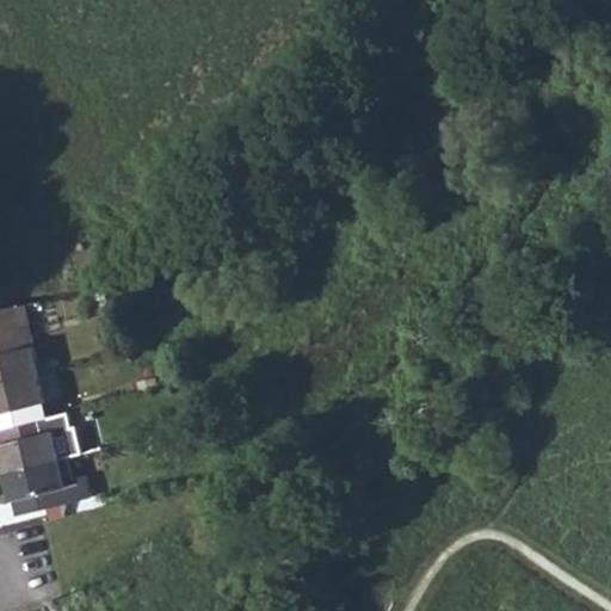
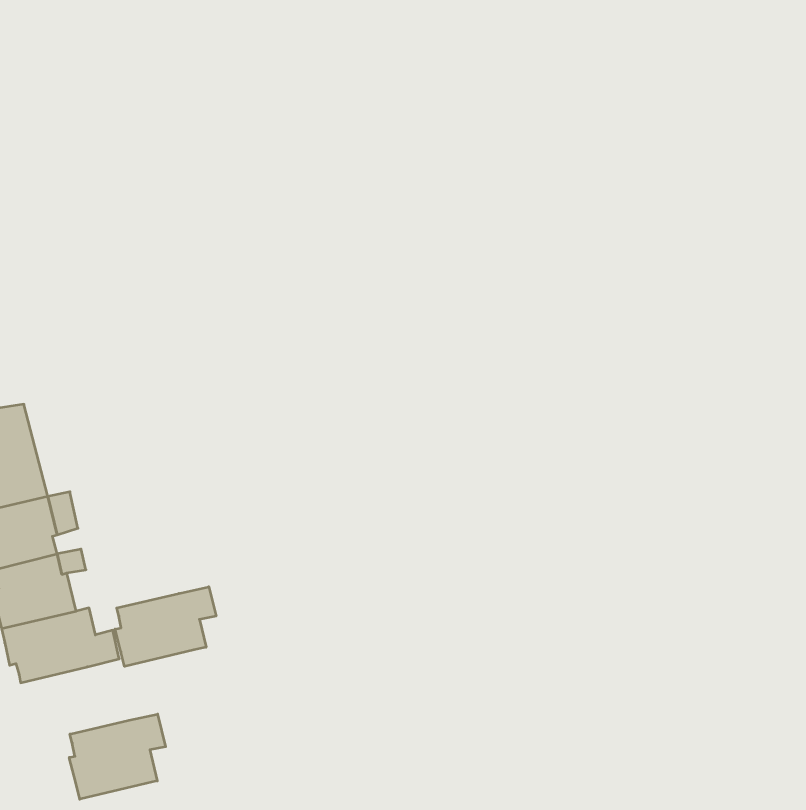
building: none -> [115,587,216,666]
building: none -> [69,714,166,799]

